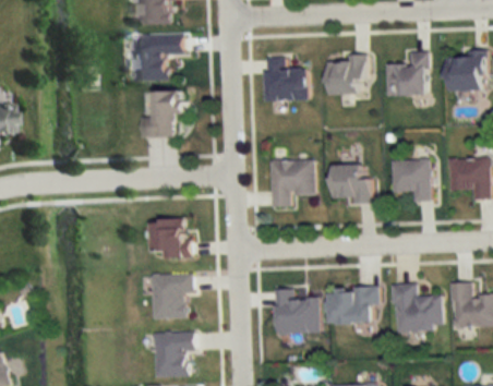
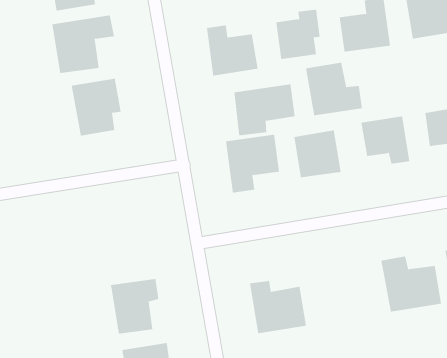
building: none -> [306,62,363,116]
building: none -> [234,84,295,136]
building: [149,219,190,257] -> none
building: [327,287,378,324] -> none

